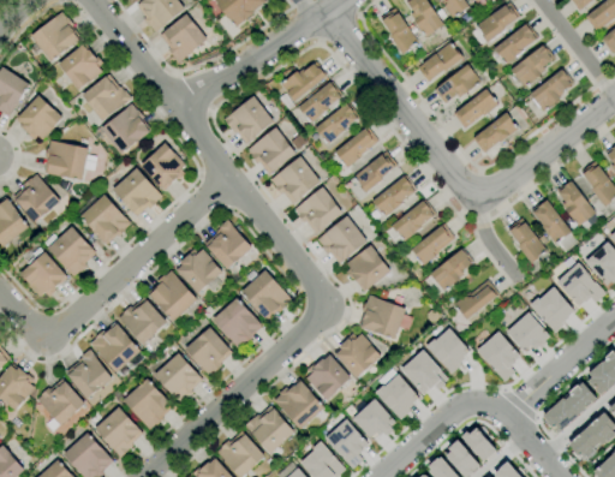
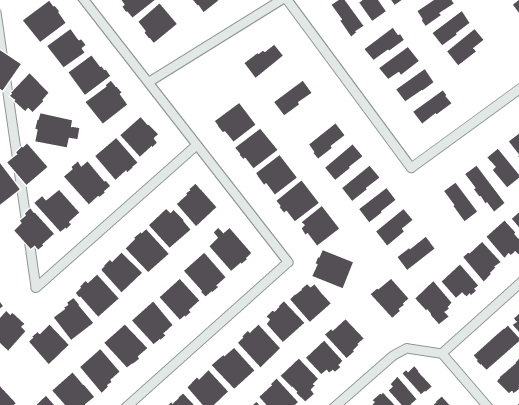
building: [531,70,574,112] -> none
building: [299,82,344,124] -> none
building: [225,96,275,144] -> none
building: [336,127,380,168] -> none
building: [400,350,447,393] -> none

